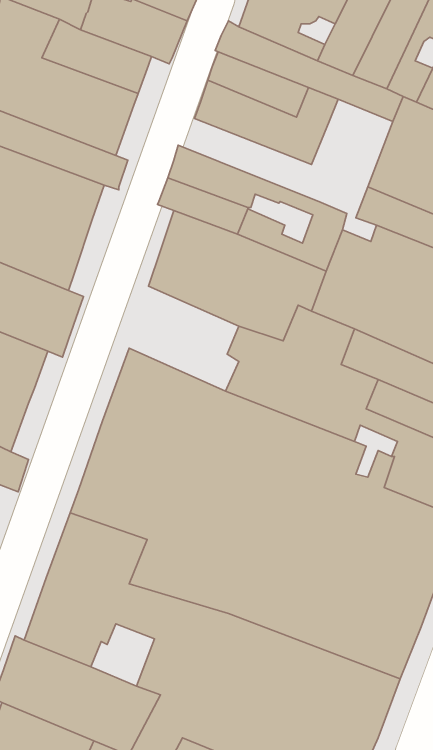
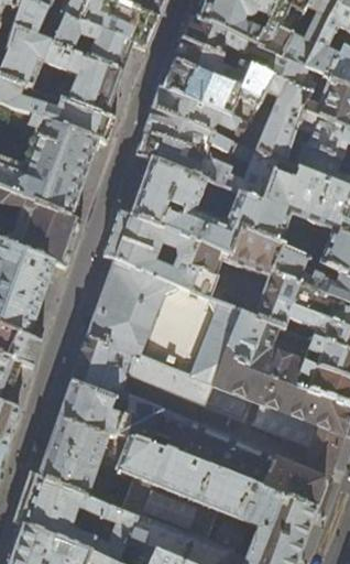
building: none -> [256,76,311,164]
building: none -> [152,89,252,138]
building: none -> [105,210,197,293]

